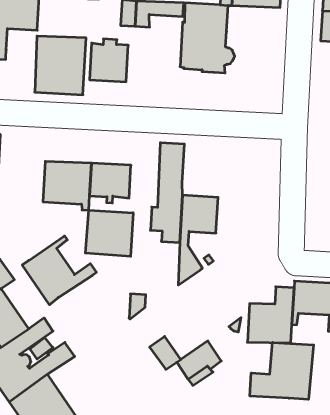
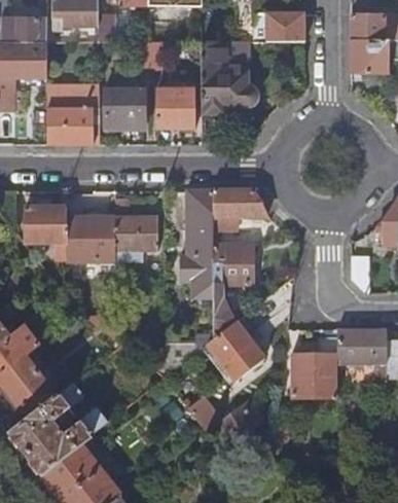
building: none -> [158,82,195,127]
building: none -> [211,190,264,231]
building: none -> [25,206,64,260]
building: [85,210,133,256] -> none
building: [22,236,96,305] -> none
building: none -> [207,323,263,381]
building: [250,342,314,399] -> none

